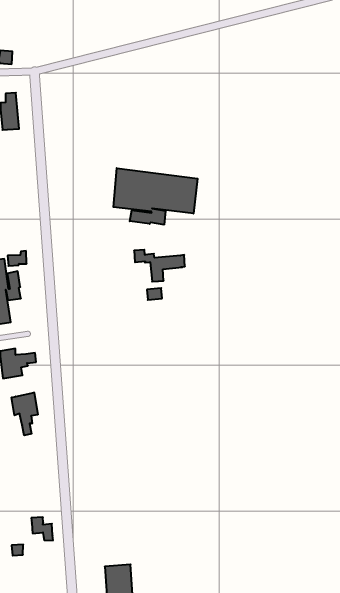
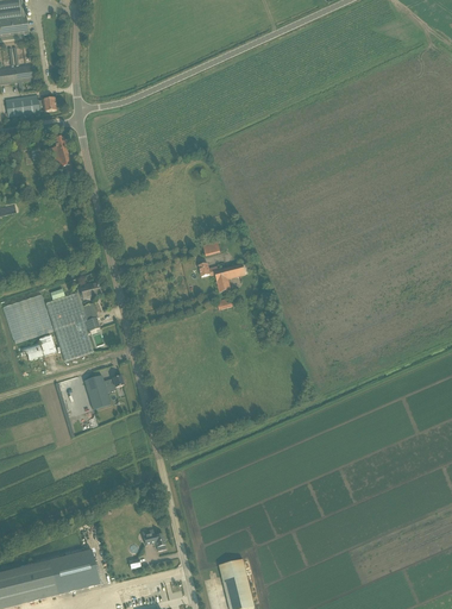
building: [113,168,198,225] -> none
building: [12,392,38,435] -> none

